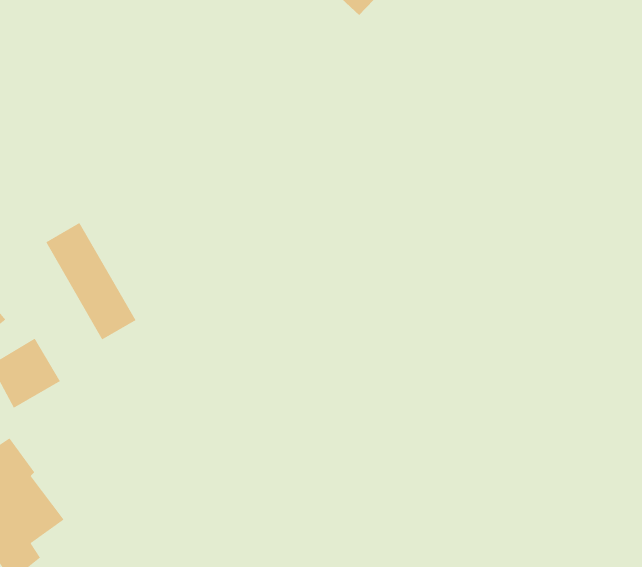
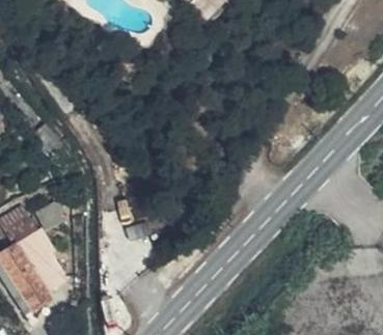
building: [45,222,136,340] -> [20,225,72,292]

